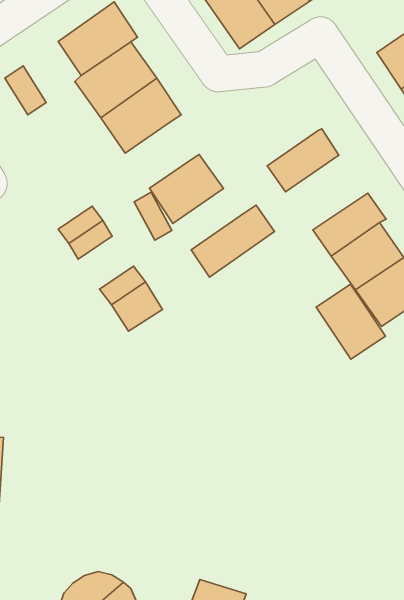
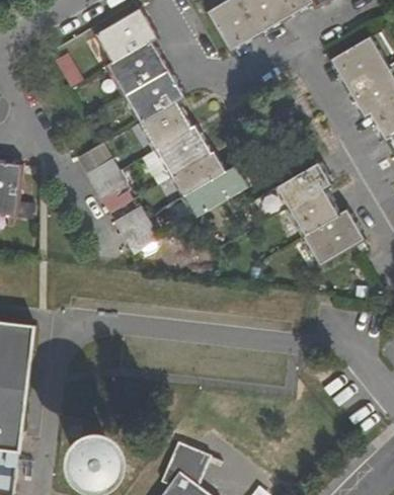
building: none -> [140,100,190,148]
building: [267,129,339,192] -> [171,151,225,195]
building: [316,284,385,359] -> none

